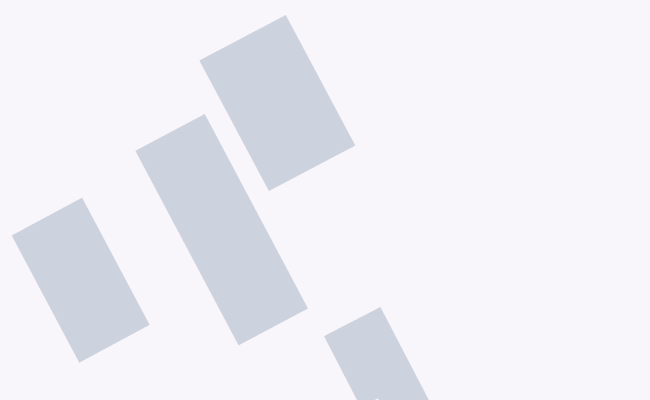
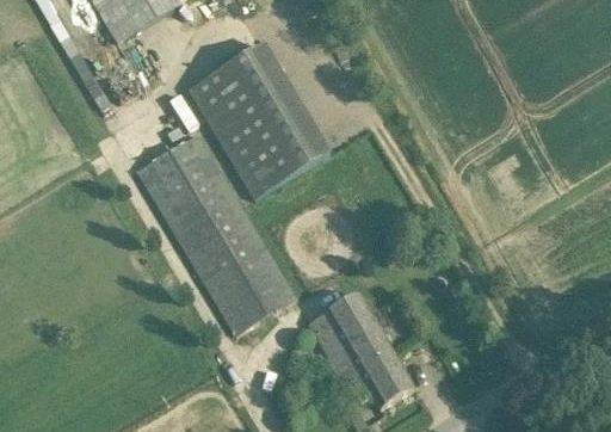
building: [10,196,151,364] -> none

